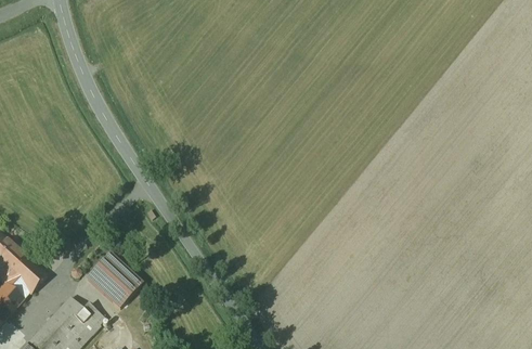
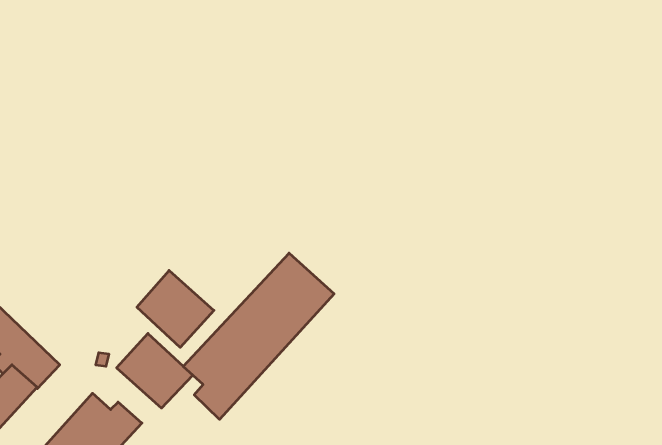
building: none -> [183,253,334,419]
building: none -> [137,270,214,347]

